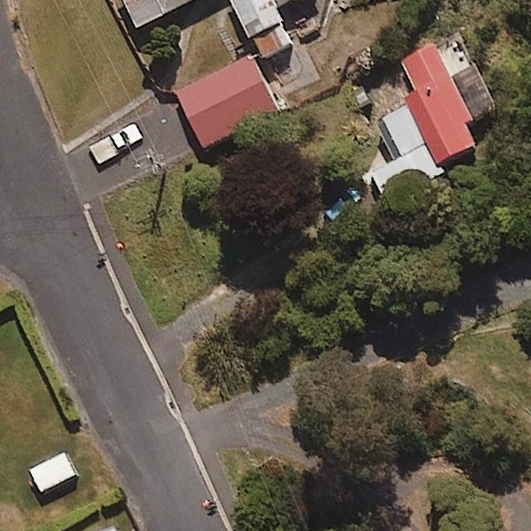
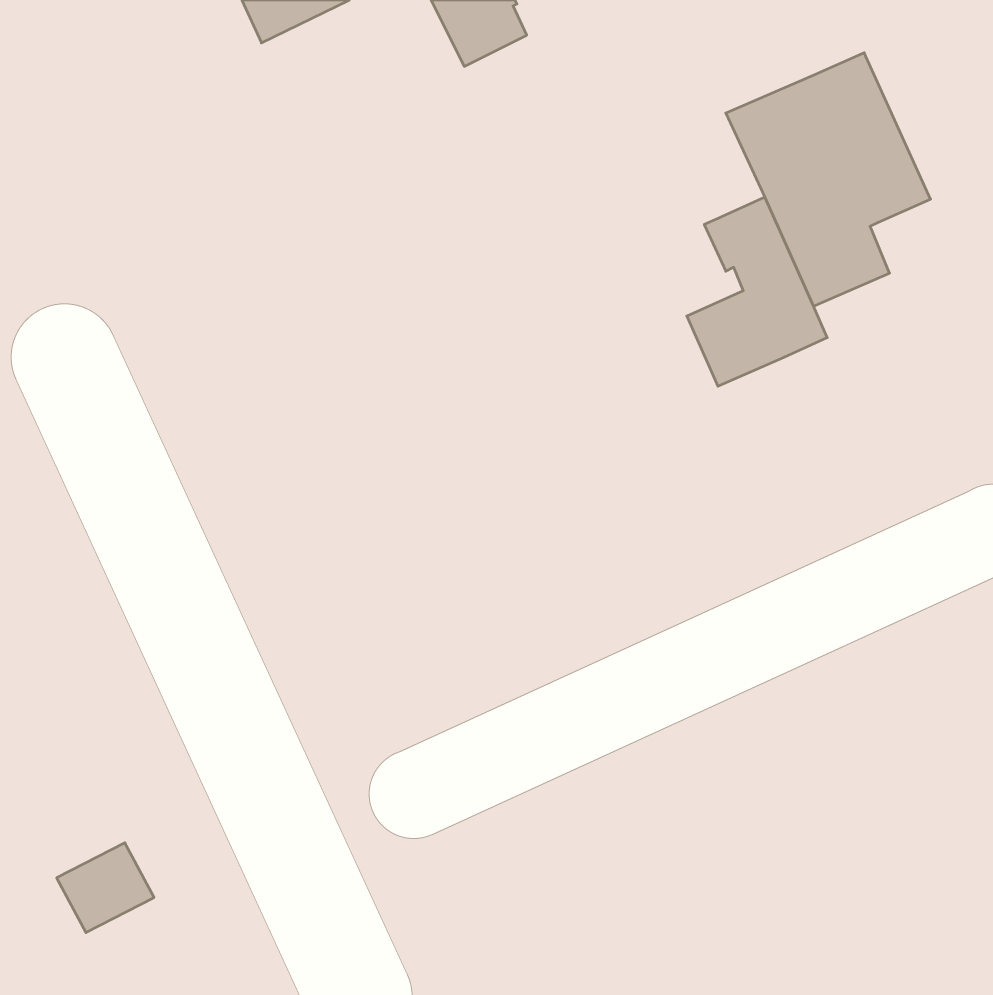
building: [175,52,283,146] -> none

